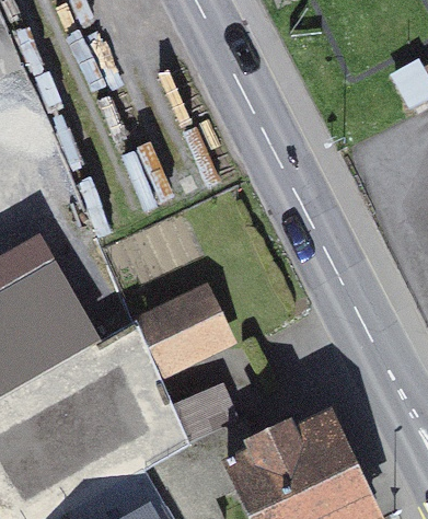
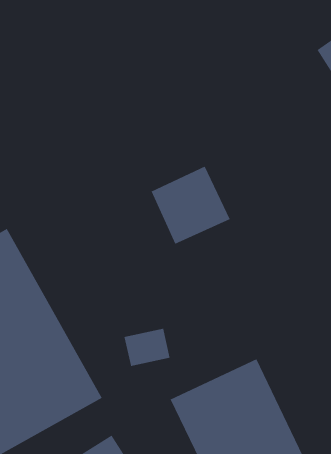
building: [130,286,220,374] -> [150,166,231,245]

